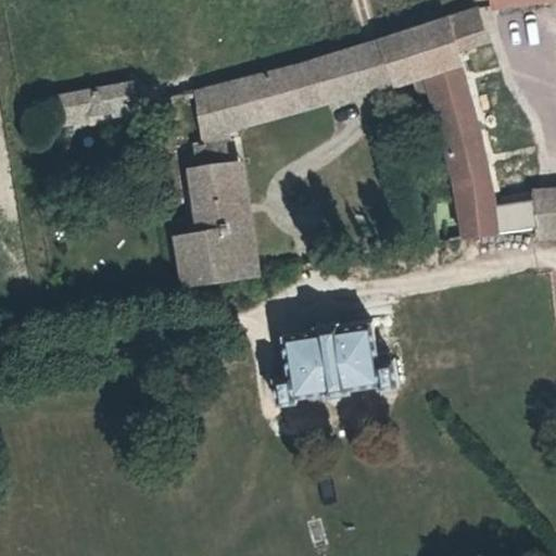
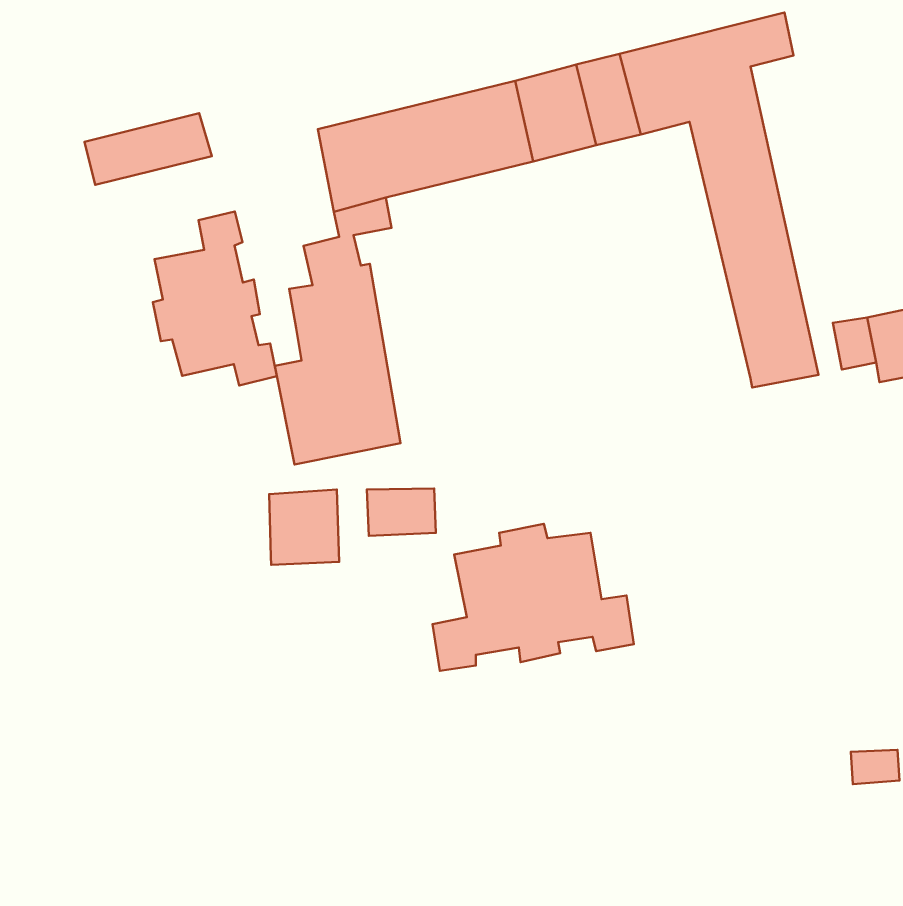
building: none -> [153,212,277,385]
building: none -> [367,488,436,536]
building: none -> [269,489,339,565]

